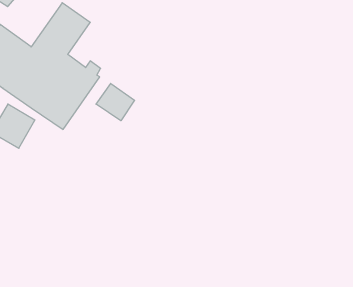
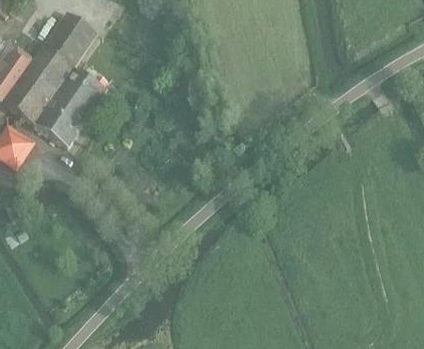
building: [96,83,135,121] -> none

